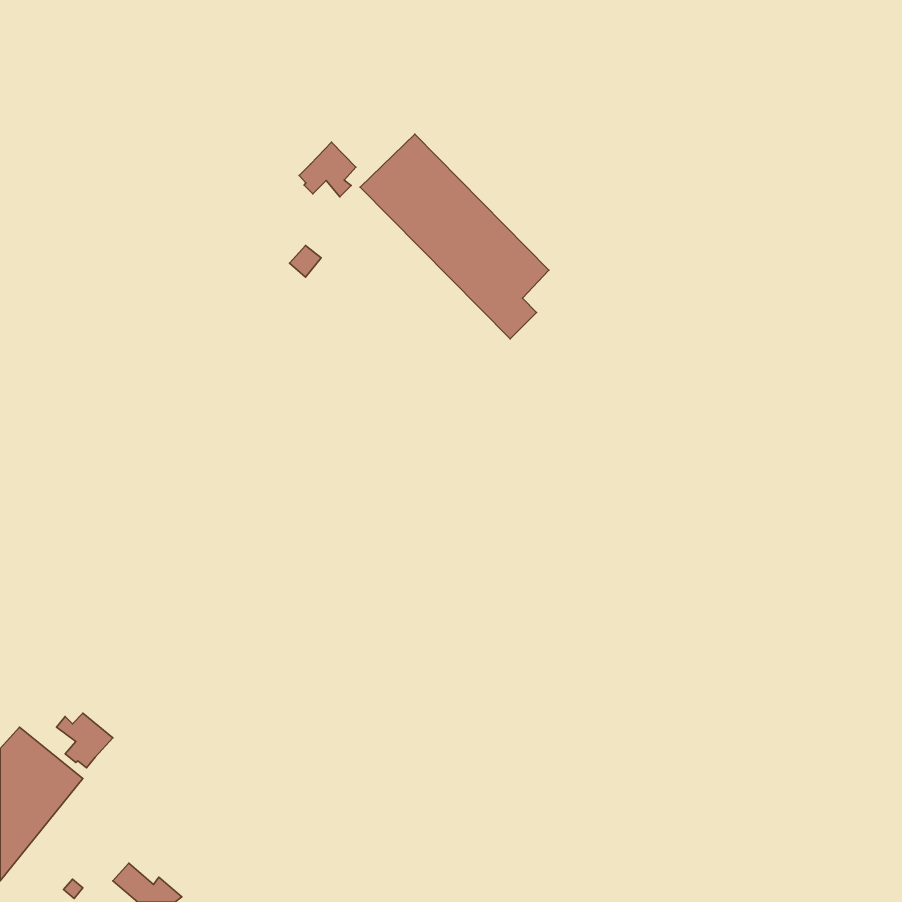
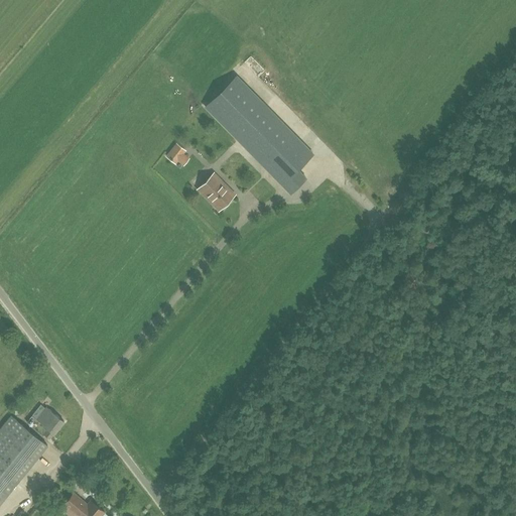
building: [299,142,356,197] -> none
building: none -> [198,173,234,210]

